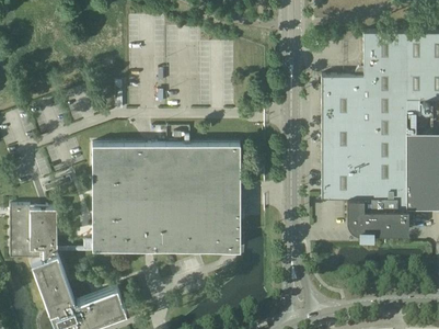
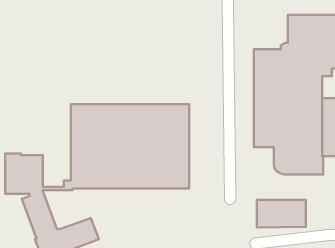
building: none -> [257,200,306,228]

